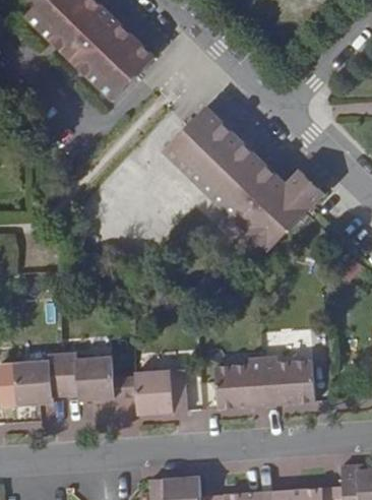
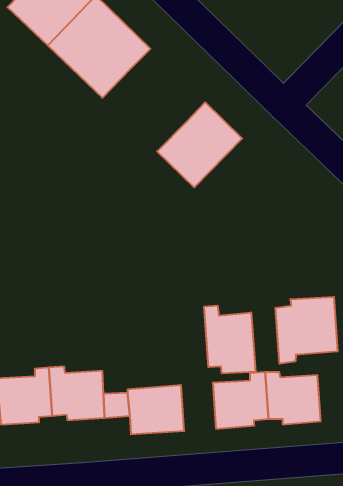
building: [196,139,323,252] -> none
building: none -> [276,297,338,364]
building: none -> [204,306,255,373]

